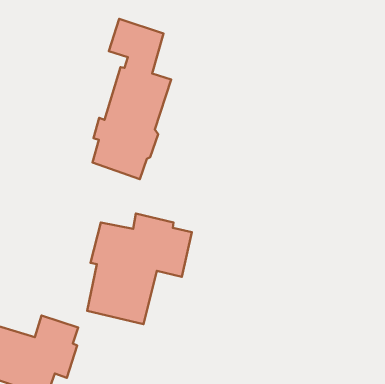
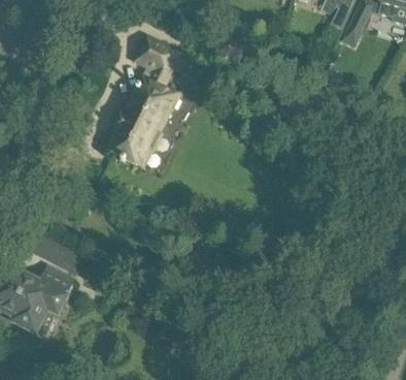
building: [87,214,192,324] -> none

